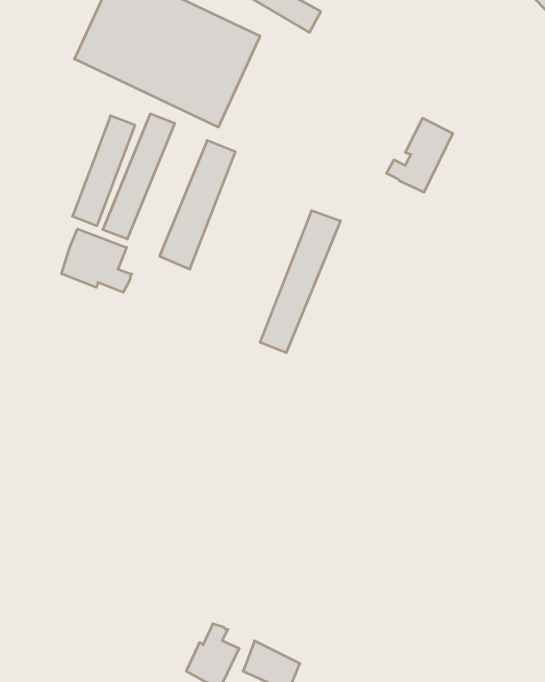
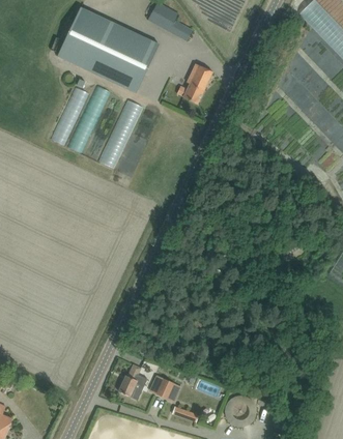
building: [386,118,453,192] -> [175,62,211,103]
building: [260,211,341,353] -> none
building: [62,229,132,292] -> none

